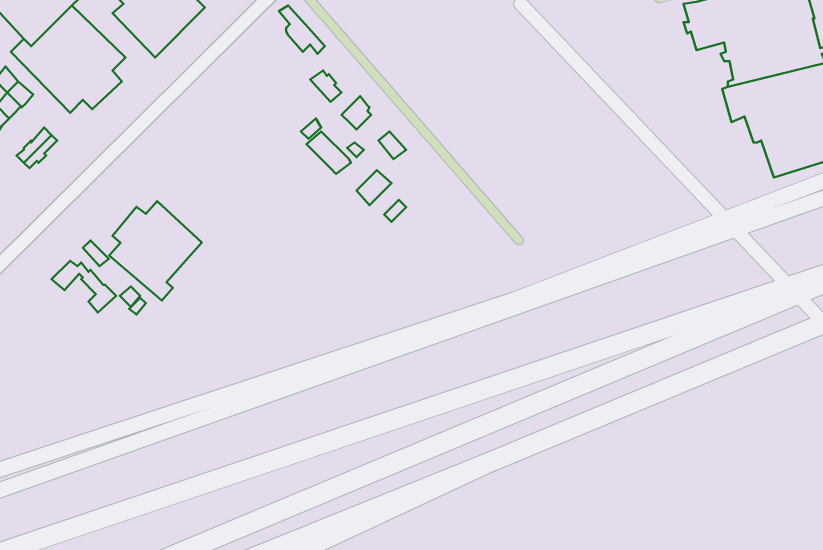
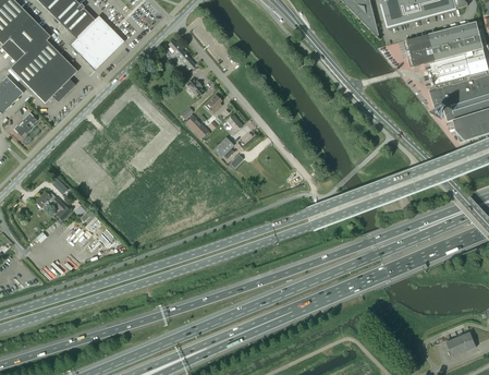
building: [109,201,202,301] -> none
building: none -> [444,331,475,356]

